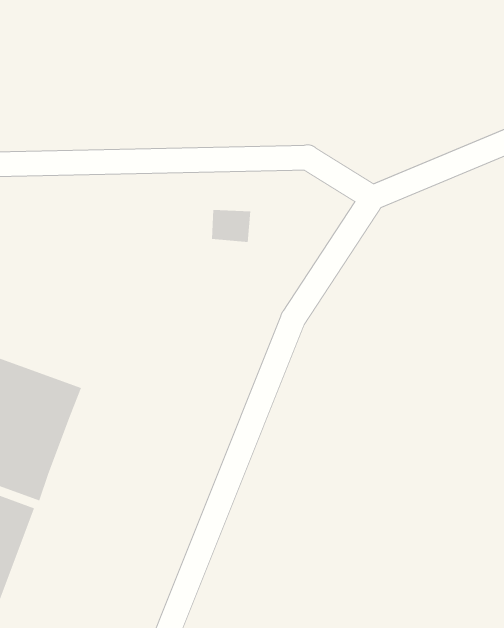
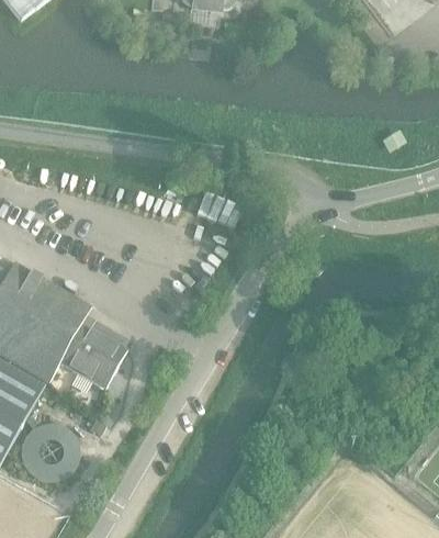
building: none -> [58,322,126,388]

